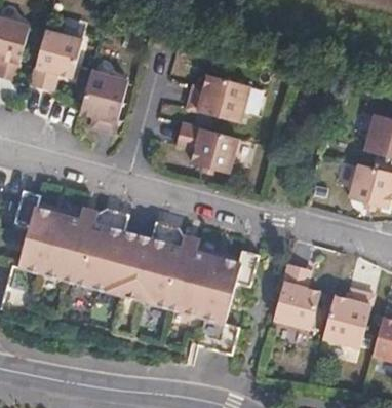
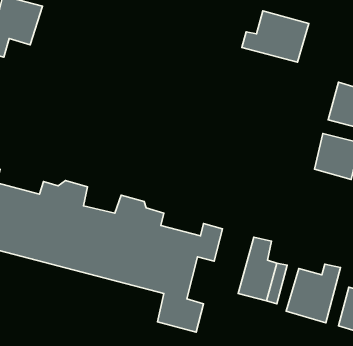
building: [81,67,128,129] -> none
building: [187,71,252,121] -> [242,11,309,62]
building: [178,120,241,173] -> none

